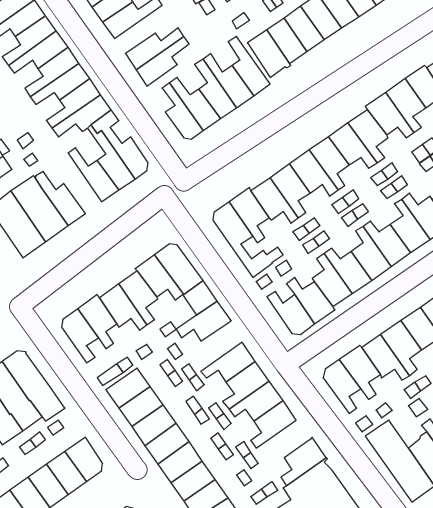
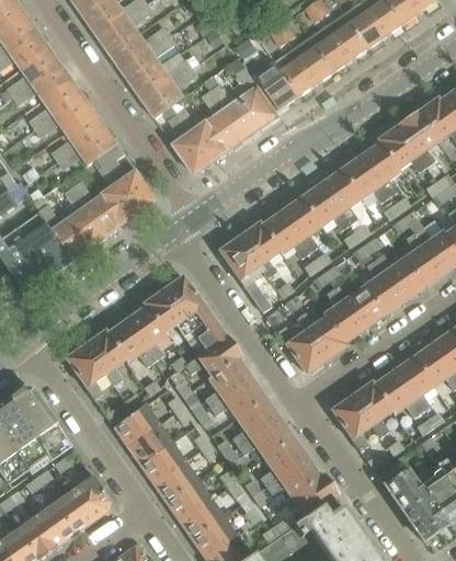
building: none -> [122,36,175,85]
building: none -> [67,186,109,248]
building: none -> [204,358,251,408]
building: none -> [265,457,320,497]

